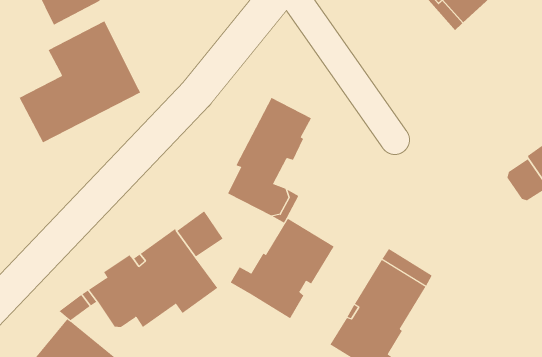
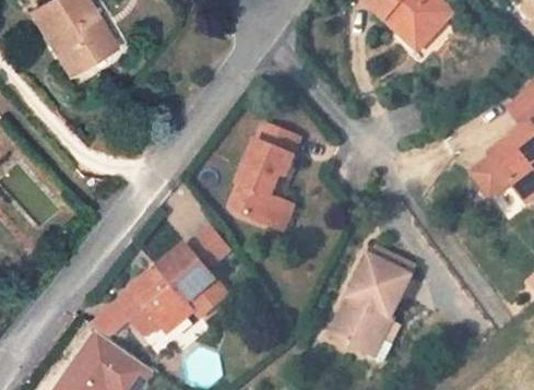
building: [19,21,141,143] -> none
building: [230,218,334,319] -> none

